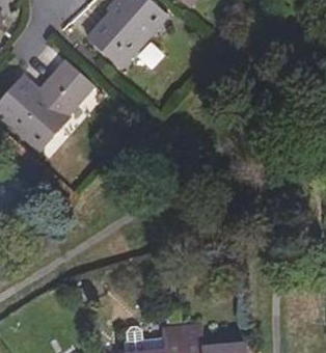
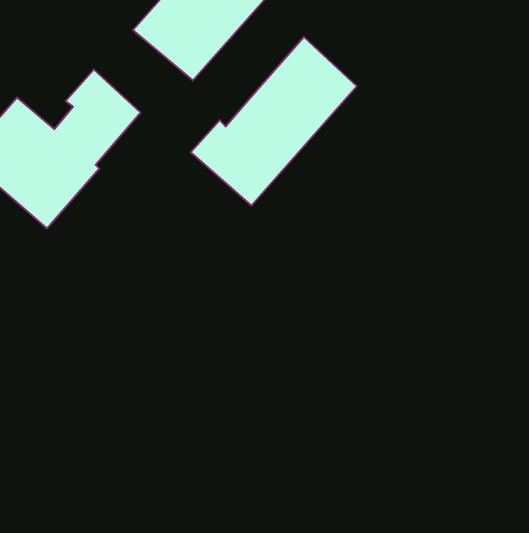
building: none -> [191,37,357,205]

